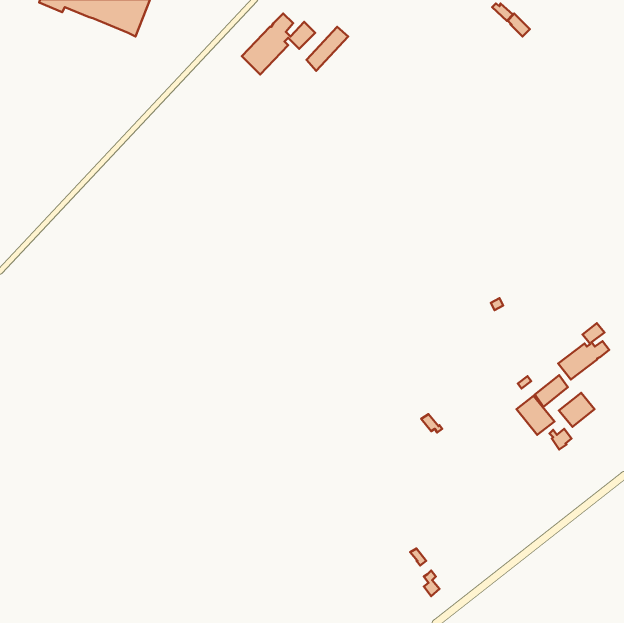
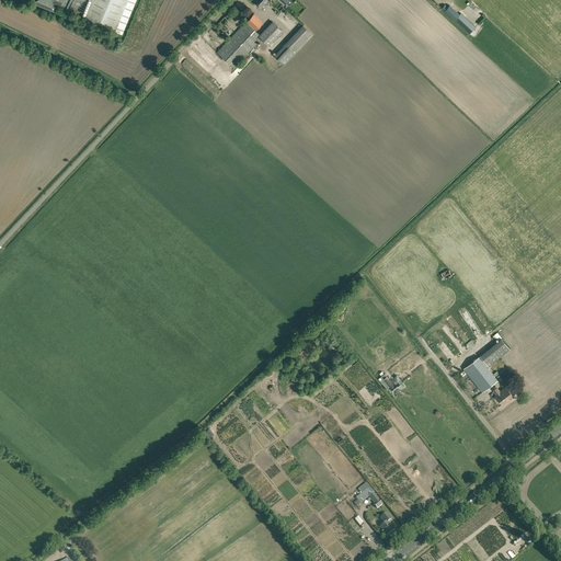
building: [558,323,609,380] -> none
building: [559,393,594,427] -> none

